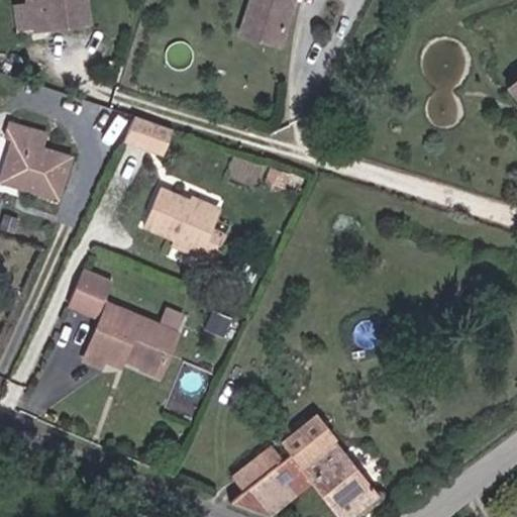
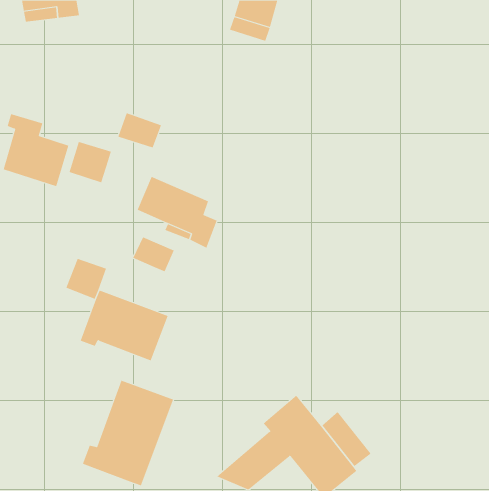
building: none -> [69,141,112,183]
building: none -> [133,237,174,272]
building: none -> [82,380,174,486]

